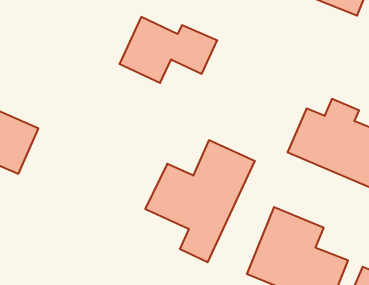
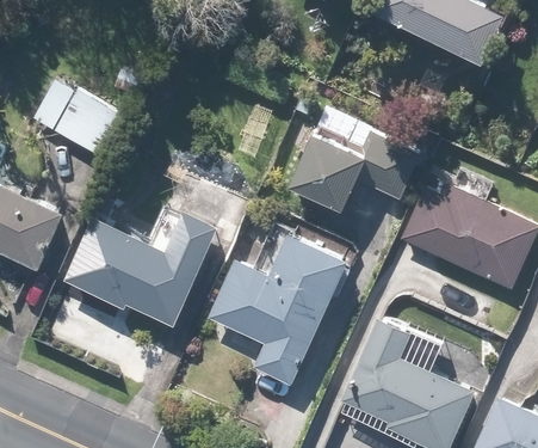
building: [119,17,217,83] -> [291,125,420,213]
building: none -> [39,81,119,157]
building: none -> [66,204,222,325]

